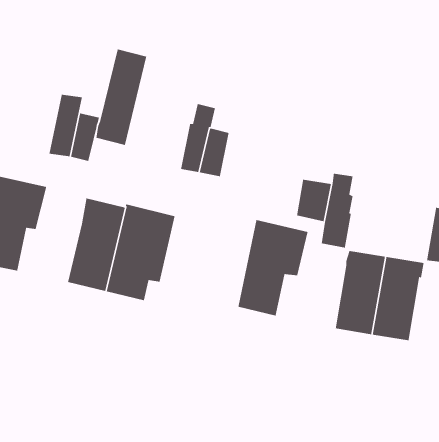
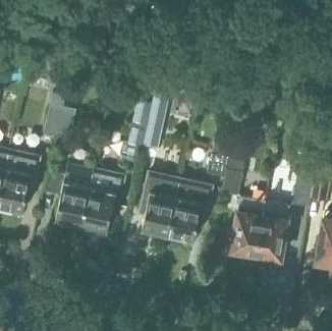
building: [96,49,147,146] -> none
building: none -> [136,170,179,235]

